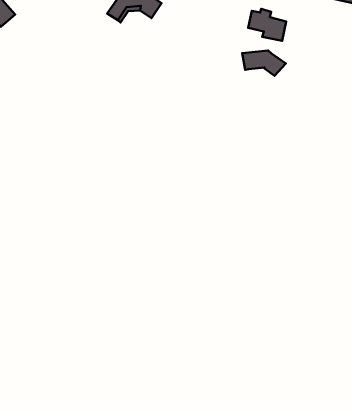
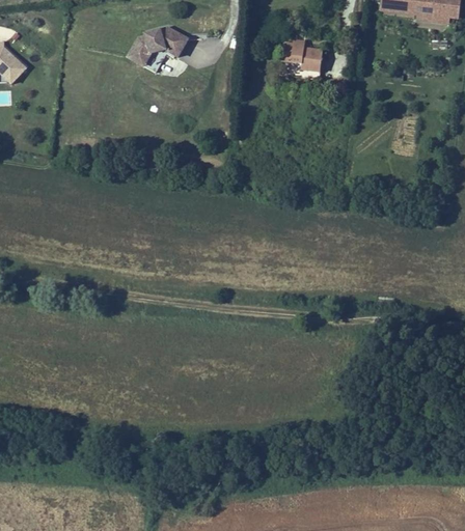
building: [242,50,286,76] -> none

